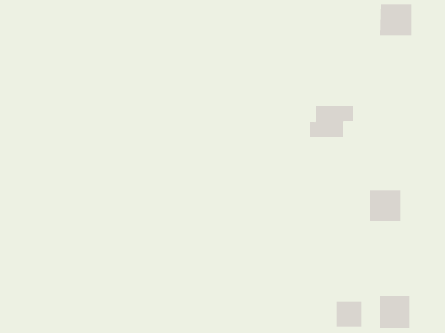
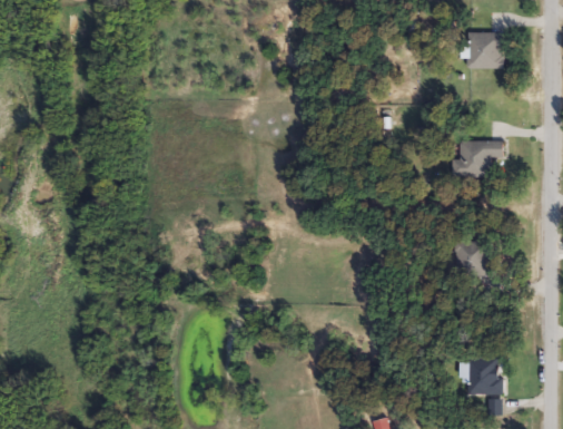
building: [309,106,354,138] -> [453,140,503,176]
building: [336,301,362,328] -> none

